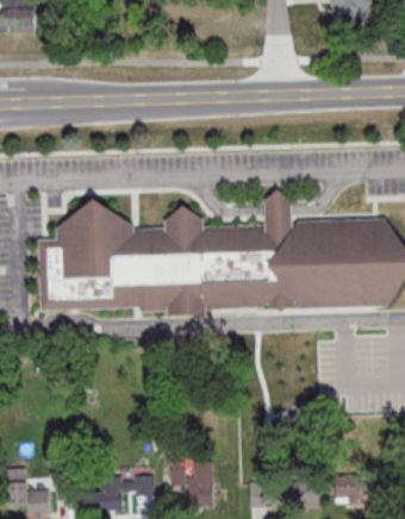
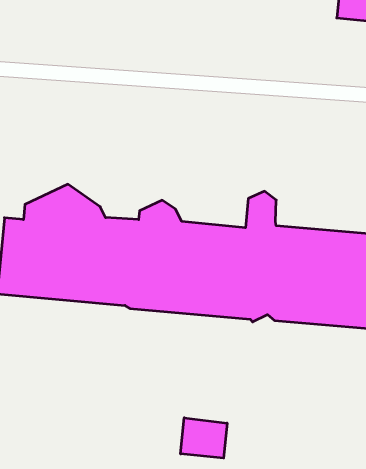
building: none -> [181,418,227,458]

